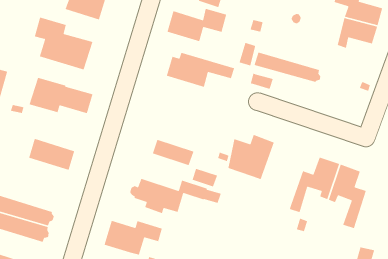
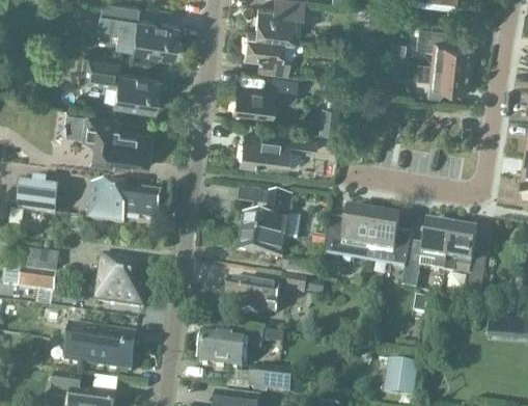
building: [254,51,321,83] -> none
building: none -> [240,189,290,238]
building: none -> [365,213,411,265]
building: none -> [94,275,146,305]

